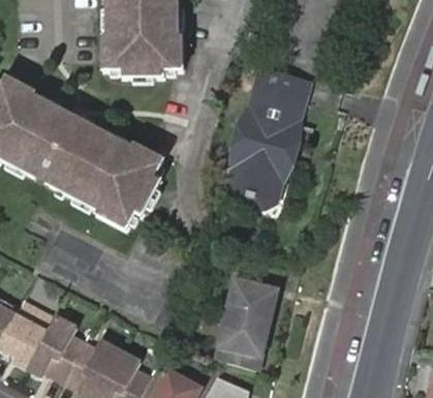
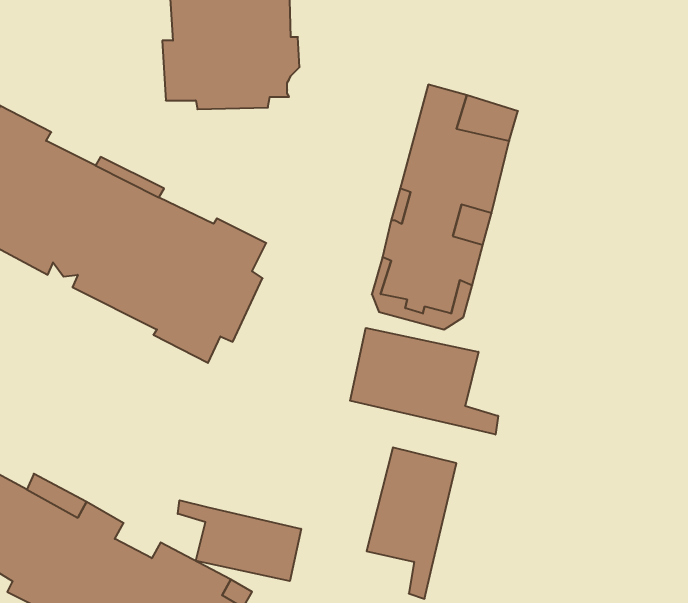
building: none -> [350,328,498,435]
building: none -> [178,500,301,581]

